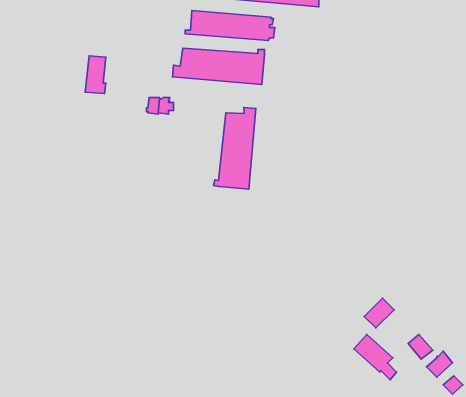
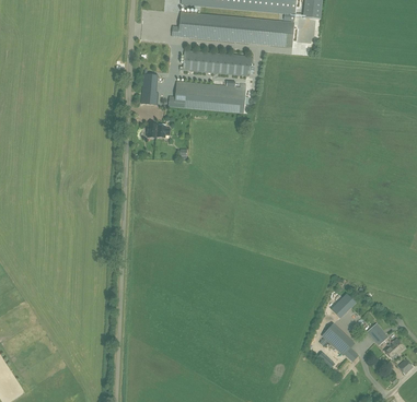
building: [85,56,106,93] -> [140,72,158,104]
building: [214,108,256,189] -> none

